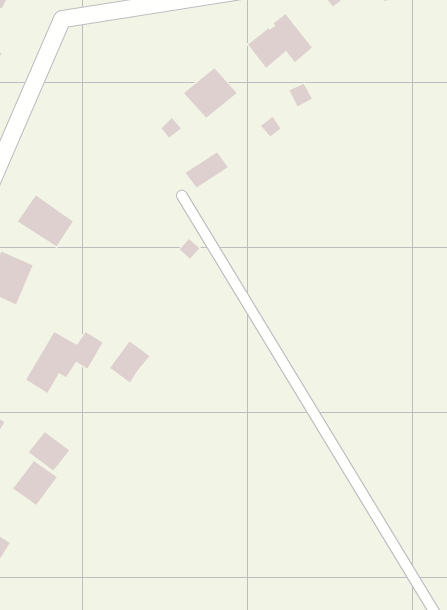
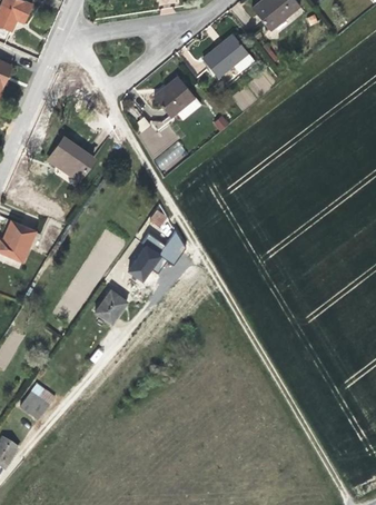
building: [17,195,74,247] -> [48,138,92,179]
building: [25,331,104,394] -> [126,235,187,284]
building: [28,431,70,472] -> none

